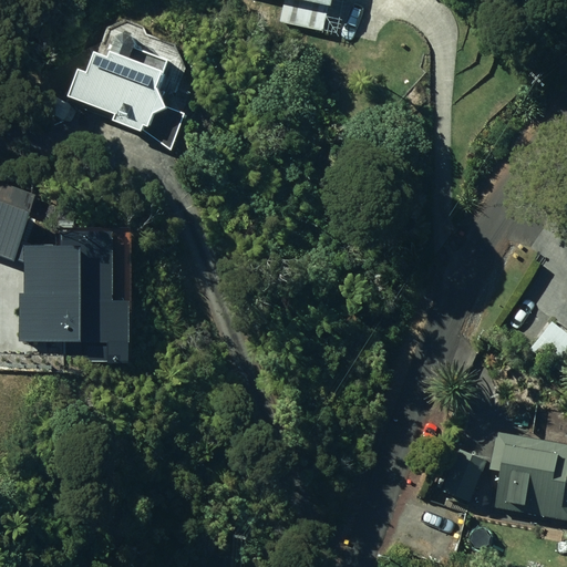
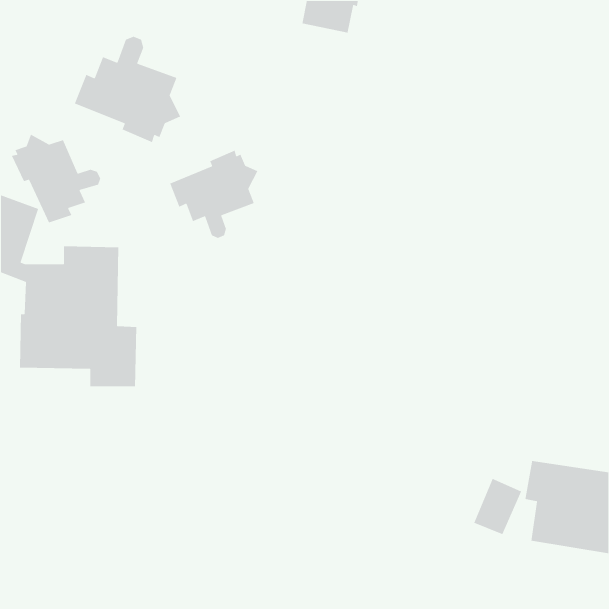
building: none -> [11,134,101,224]
building: none -> [169,150,258,239]

